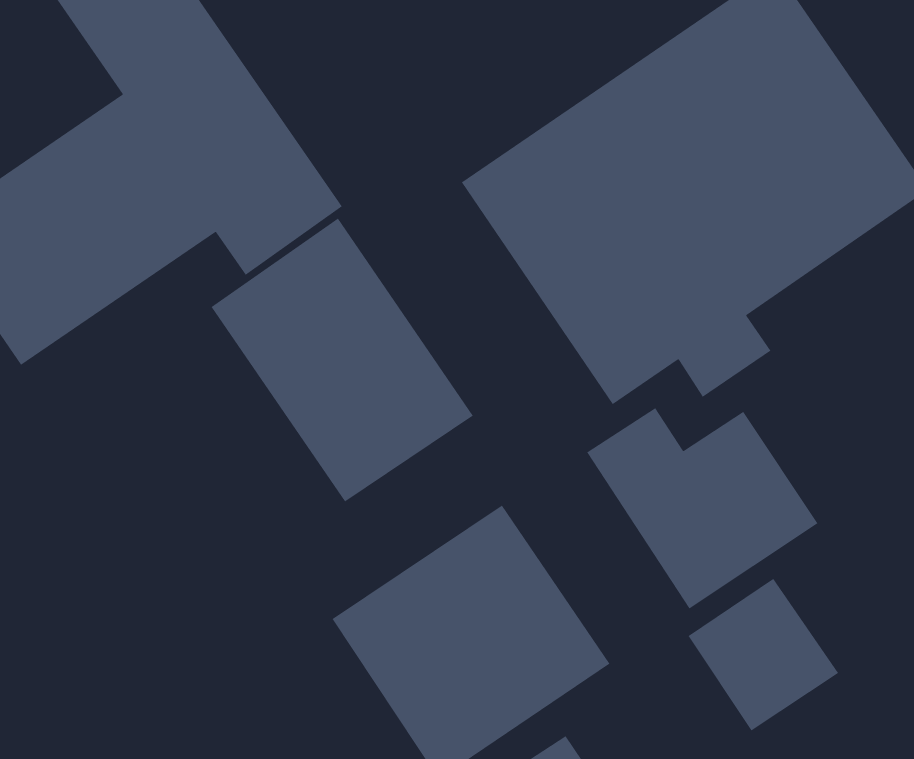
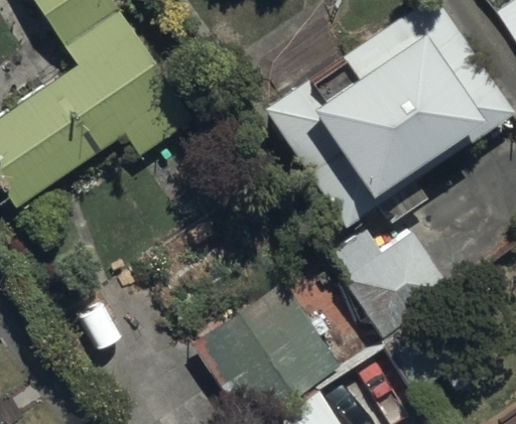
building: [211,217,474,502] -> none

